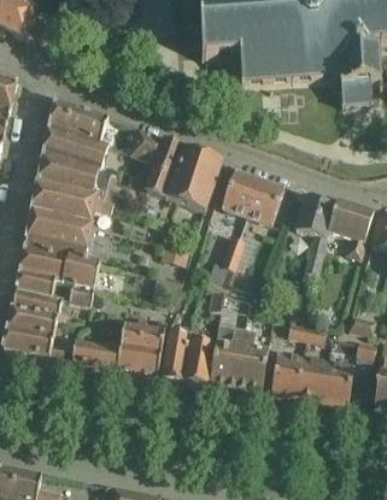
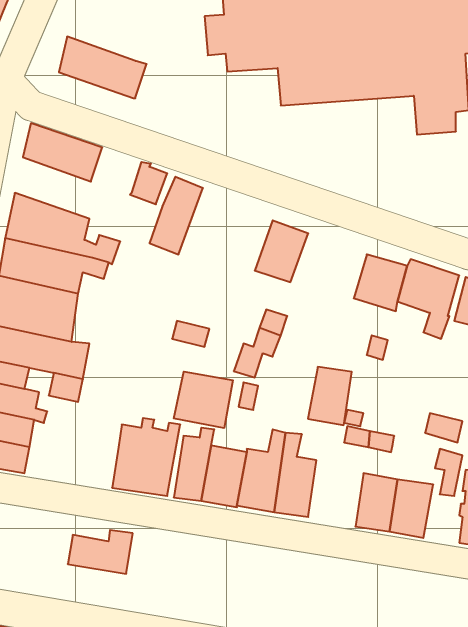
building: [43,122,109,167] -> [59,37,147,98]
building: [165,145,222,208] -> none
building: [248,178,285,223] -> none
building: none -> [174,372,233,428]
building: [72,335,121,367] -> [68,530,133,574]
building: [270,353,303,396] -> [308,367,352,425]

